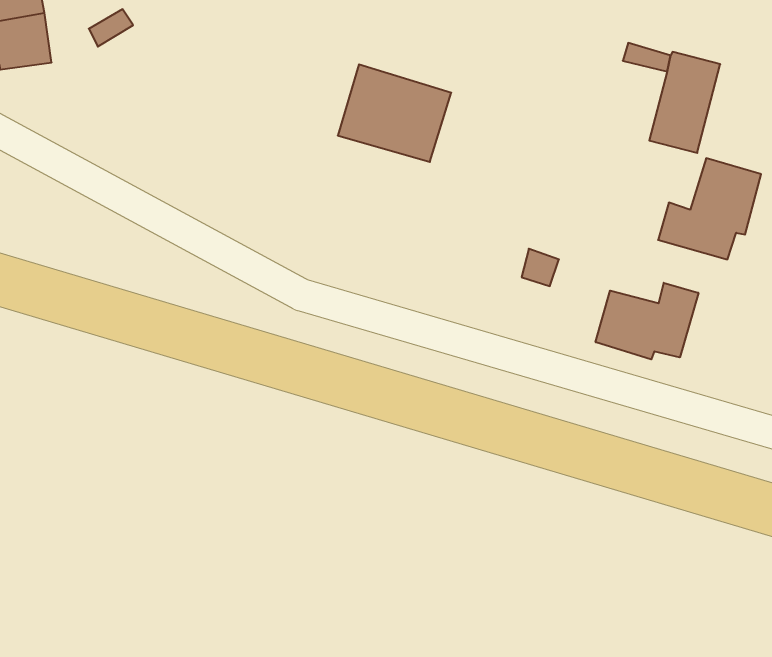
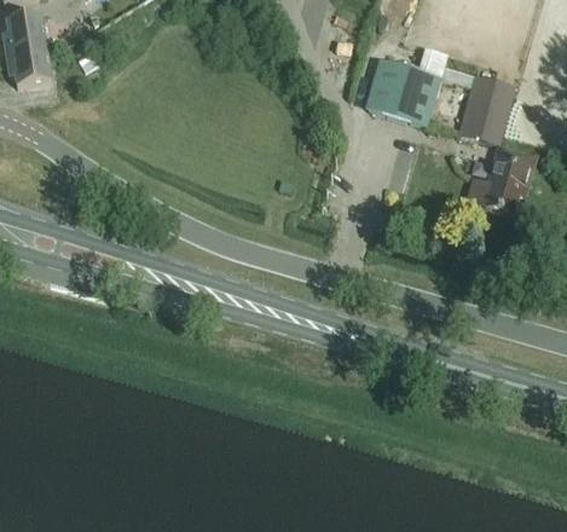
building: [338,64,451,162] -> [363,58,440,125]
building: [596,283,698,359] -> none

